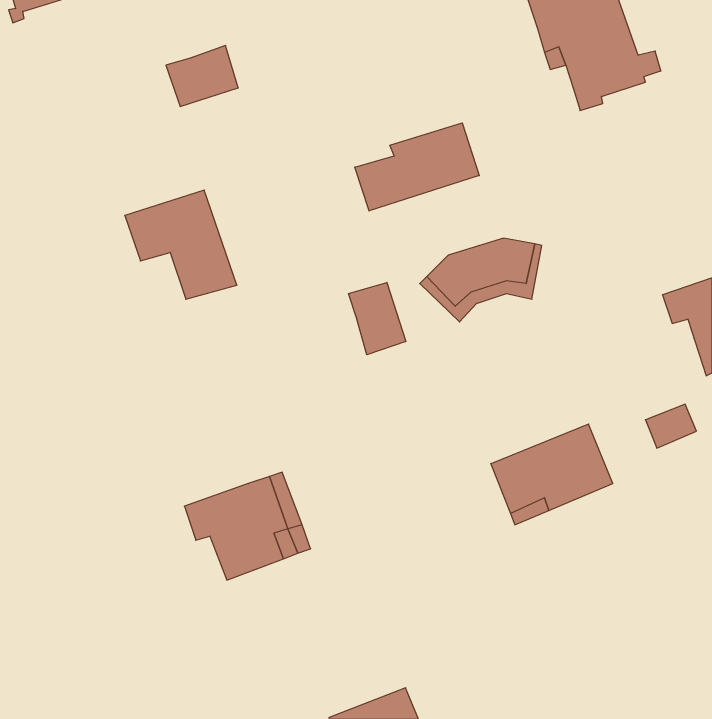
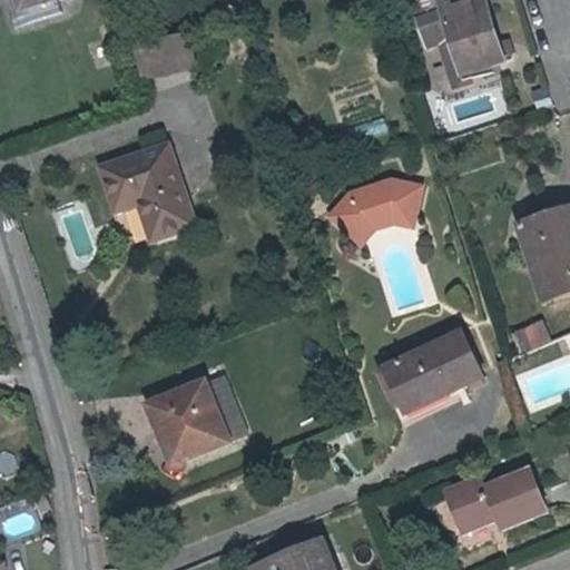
building: [355,123,479,211] -> none
building: [348,282,406,355] -> none
building: none -> [450,463,543,523]

